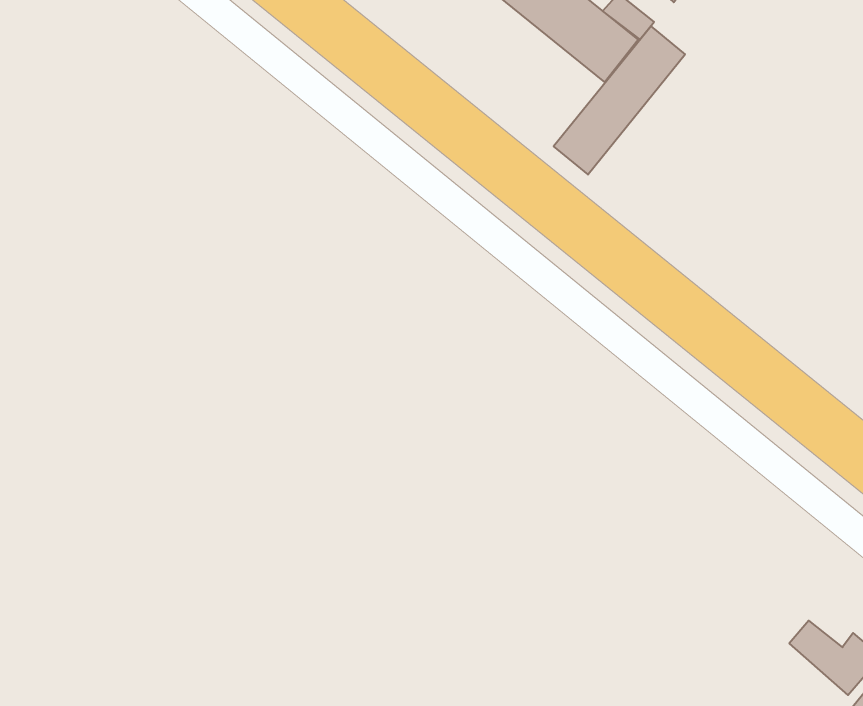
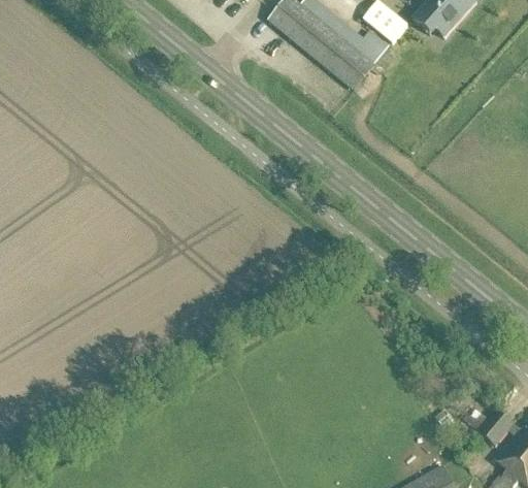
building: [554,26,685,175] -> none

